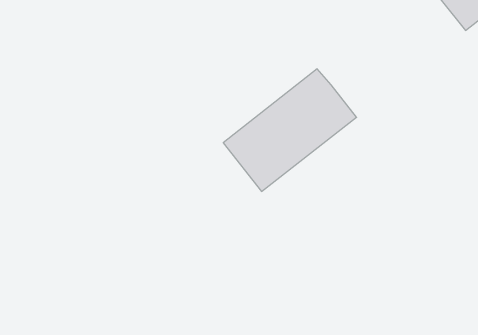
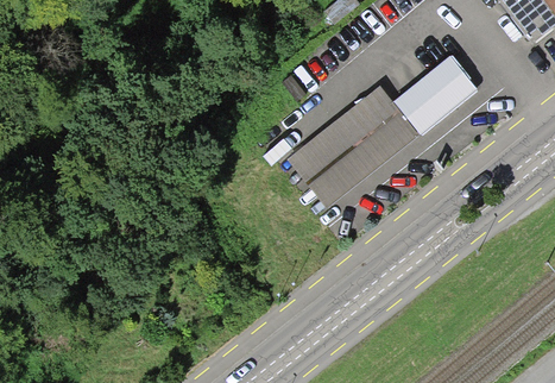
building: none -> [396,55,478,132]

